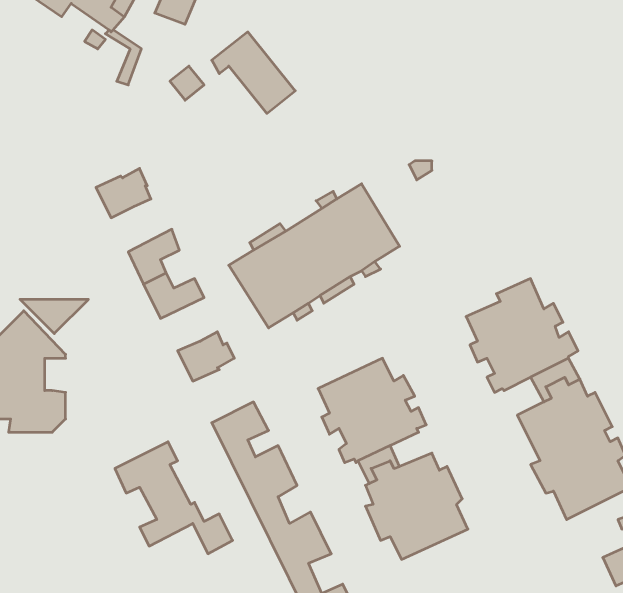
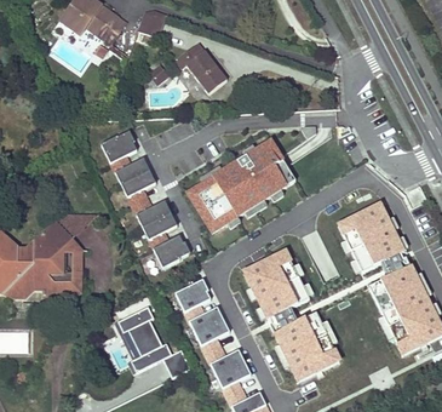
building: none -> [110,154,149,183]
building: none -> [142,212,176,246]

